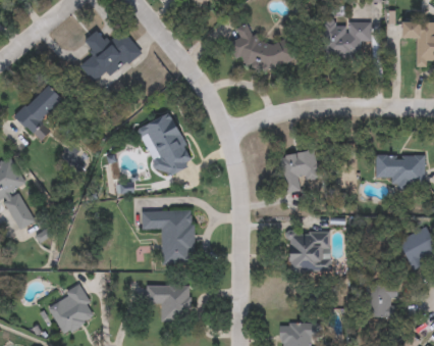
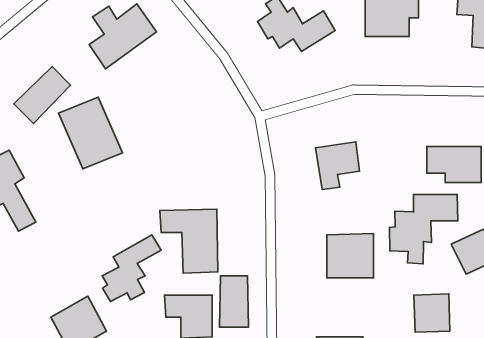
building: [138,114,194,178] -> [59,97,122,169]
building: none -> [389,194,458,264]
building: none -> [102,235,161,302]
building: none -> [220,276,248,327]

